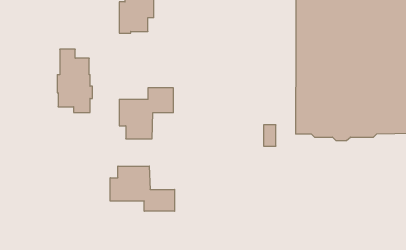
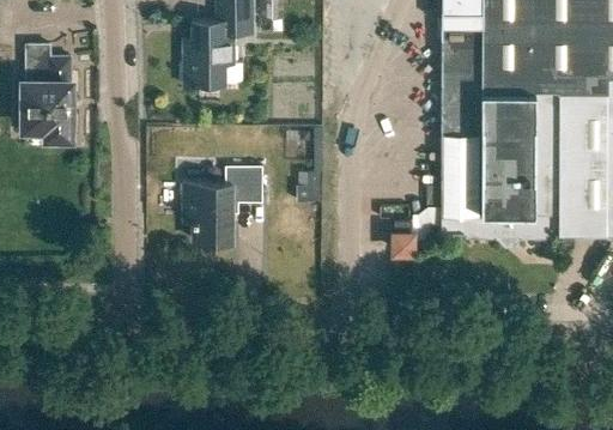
building: [57,49,92,112] -> [24,46,75,138]
building: [110,166,175,211] -> none

